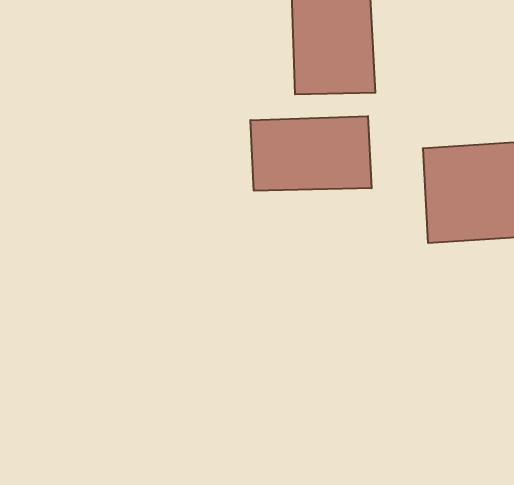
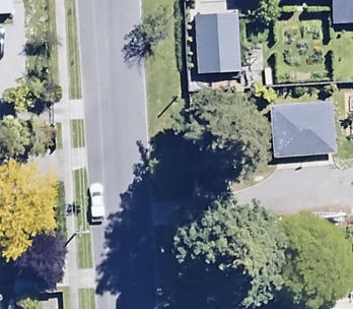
building: [250,116,372,191] -> none

